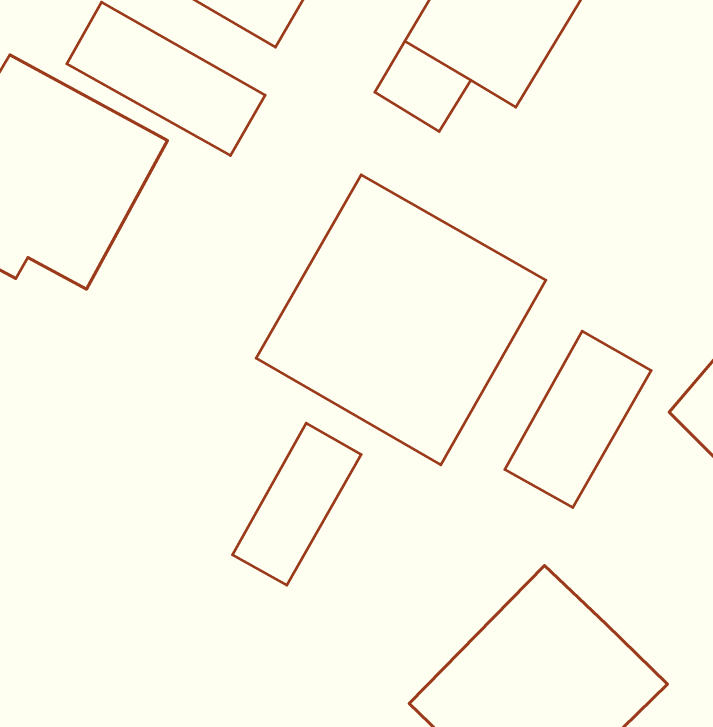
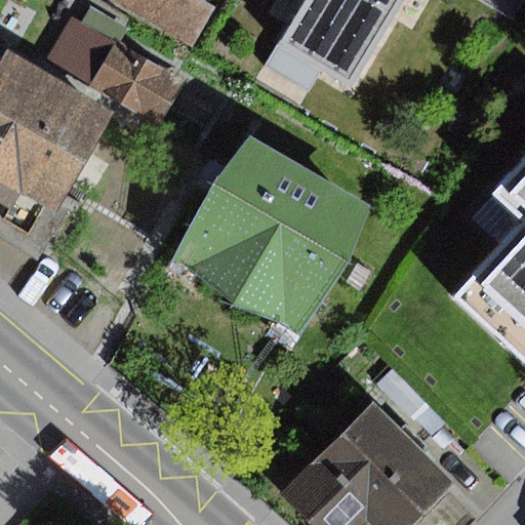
building: [505,331,651,507] -> none
building: [232,423,361,585] -> none

